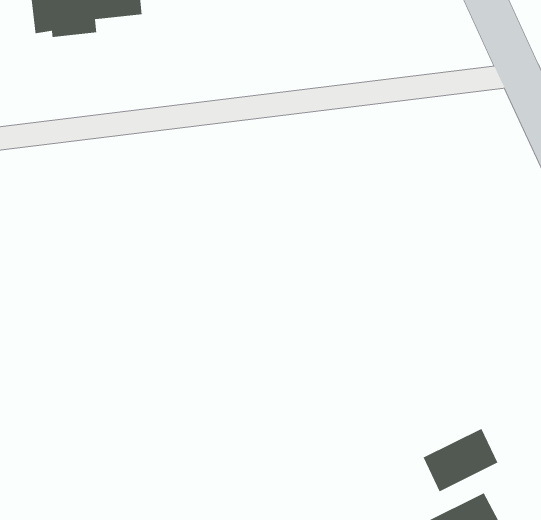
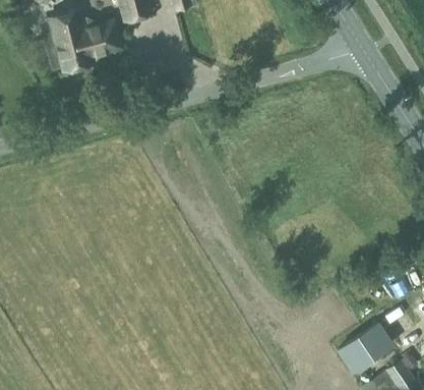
building: [422,428,499,492] -> none

